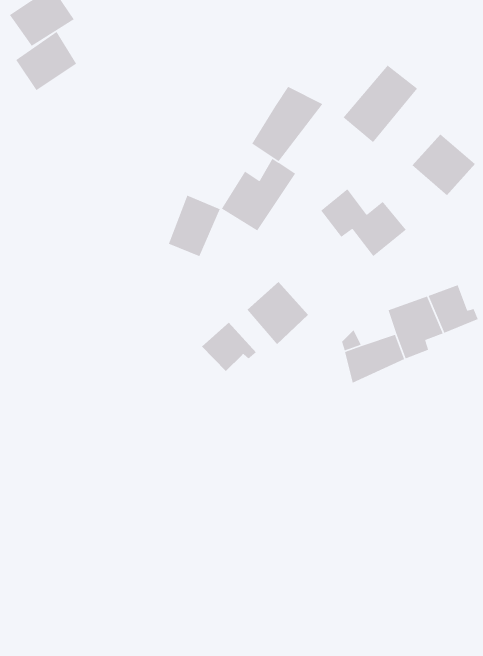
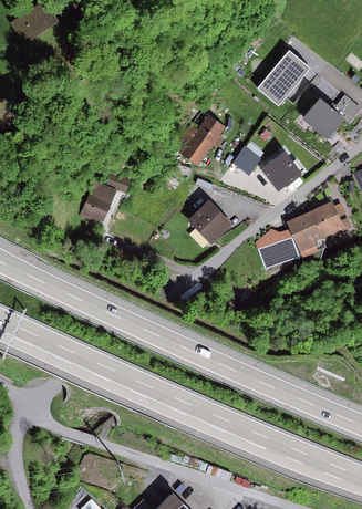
building: [15,31,77,91] -> none
building: [251,86,323,162] -> none
building: [168,194,221,257] -> [79,181,115,225]
building: [201,322,257,372] -> none

